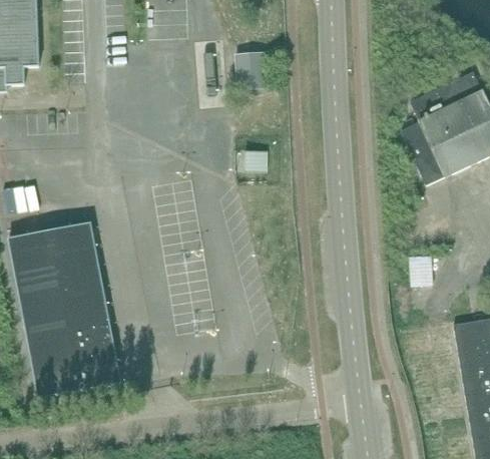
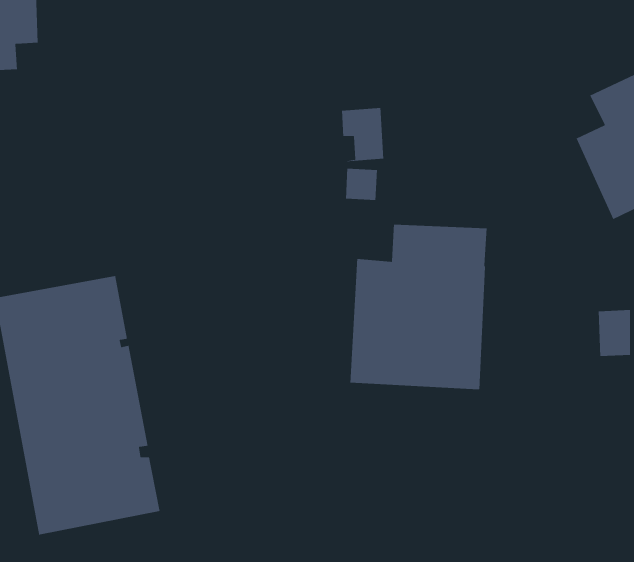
building: [235,52,265,89] -> [341,107,384,162]
building: none -> [350,224,487,390]

